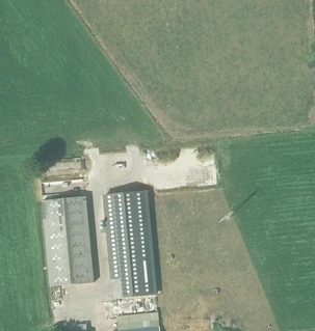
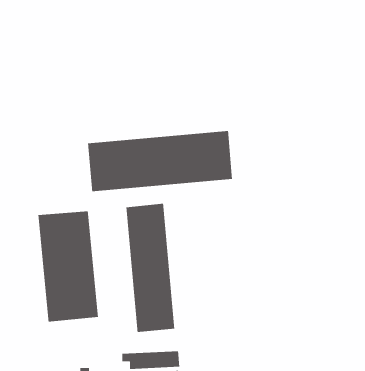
building: none -> [87,130,233,192]

